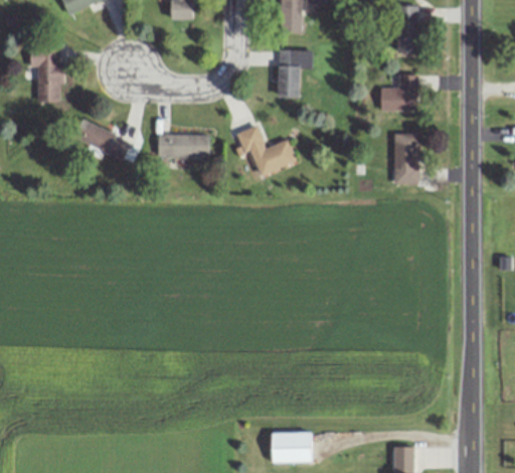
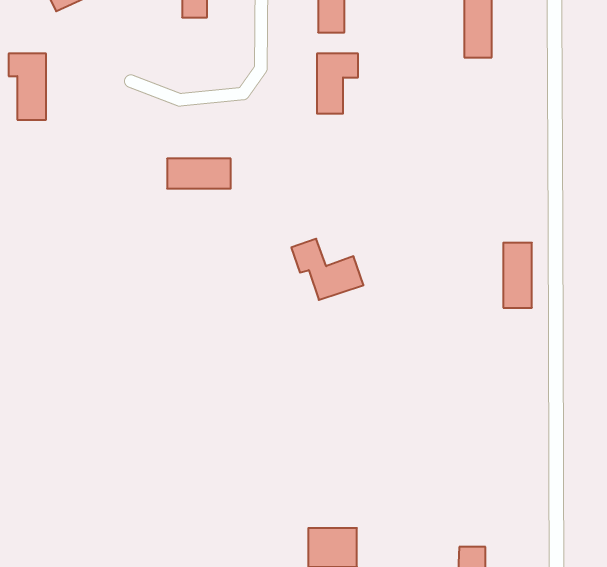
building: [381,74,417,111] -> none
building: [73,121,132,160] -> none
building: [237,126,296,175] -> [291,239,364,300]
building: [394,133,417,185] -> [503,243,532,308]

